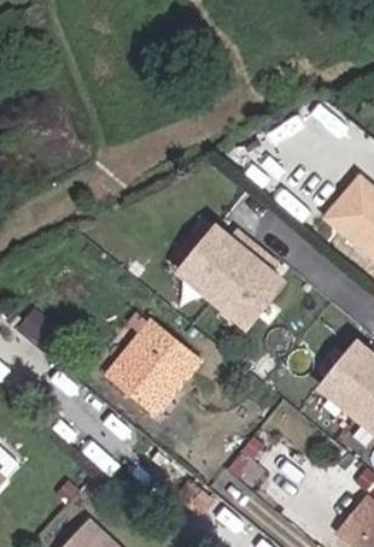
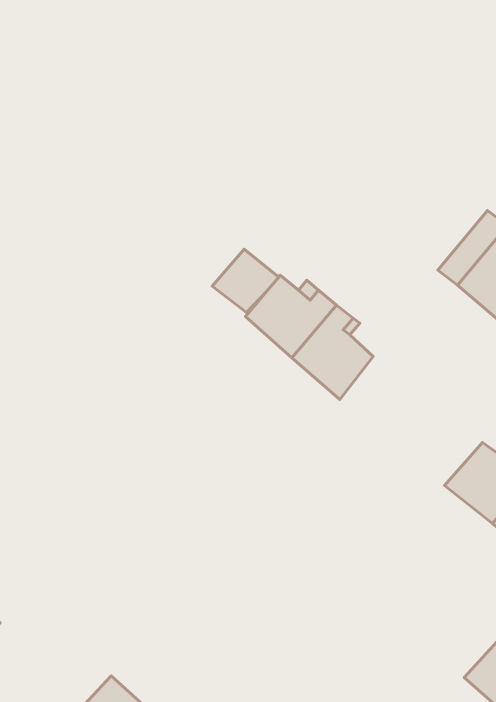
building: none -> [212,249,279,313]
building: [110,327,200,413] -> none

